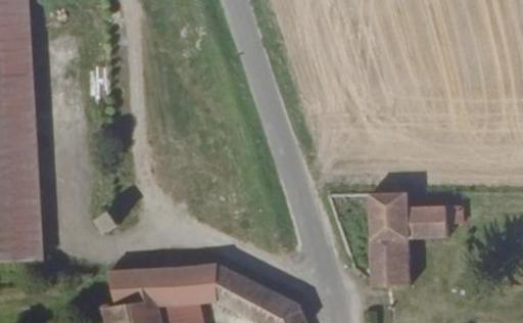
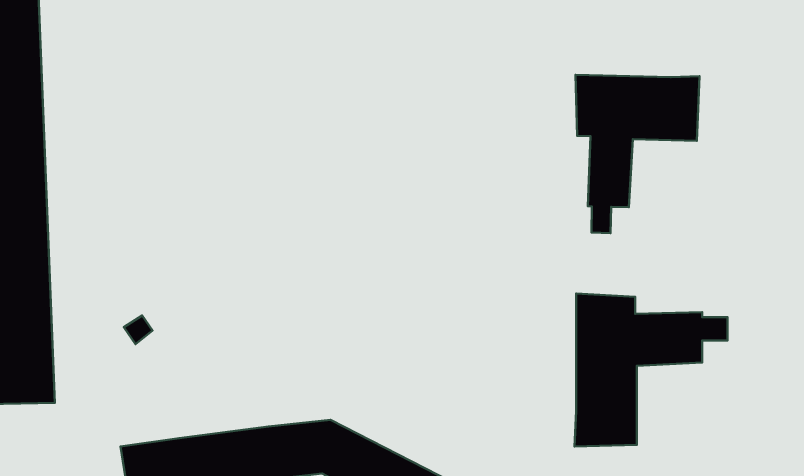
building: none -> [576,75,699,233]

